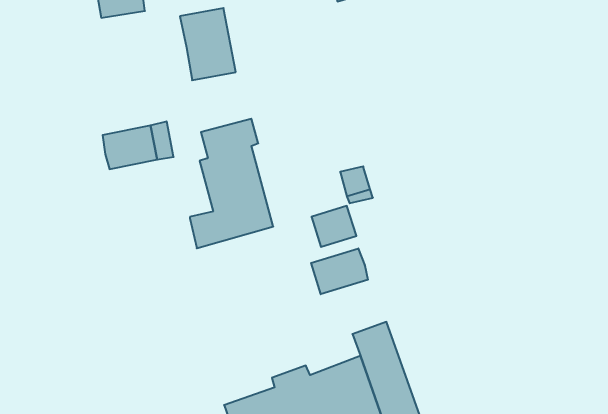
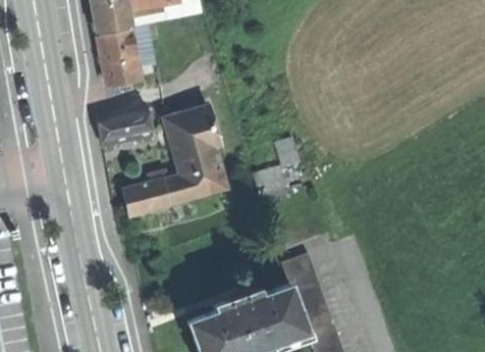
building: [180,8,236,80] -> [97,32,139,86]
building: none -> [124,182,167,215]
building: [311,248,368,294] -> none

